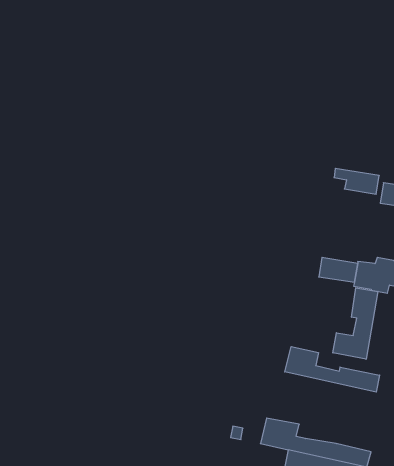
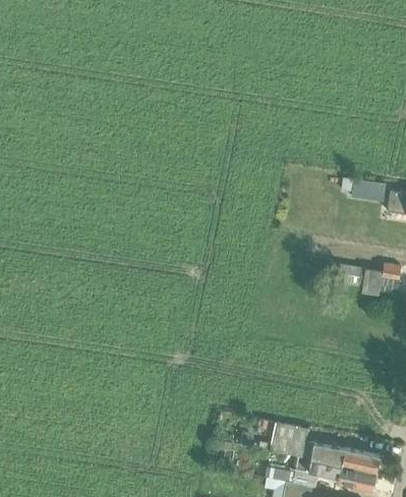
building: [333,288,378,359] -> none
building: [285,347,380,392] -> none

